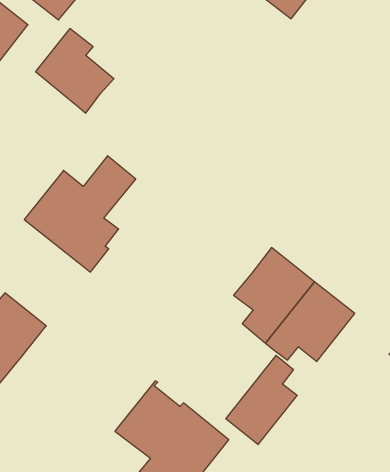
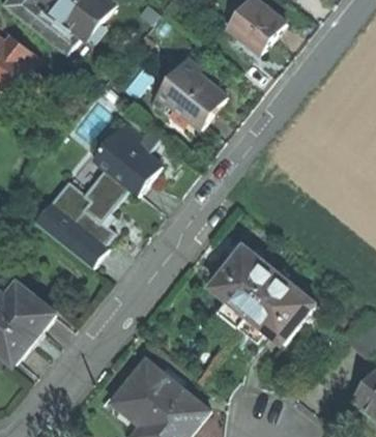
building: none -> [152,57,227,127]
building: [36,29,114,113] -> [94,122,161,194]
building: [226,355,297,445] -> none

